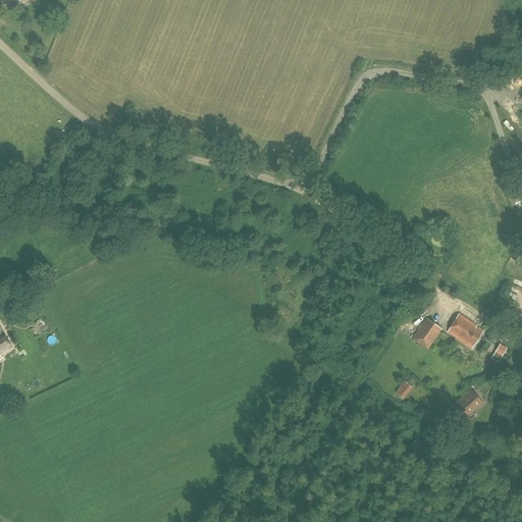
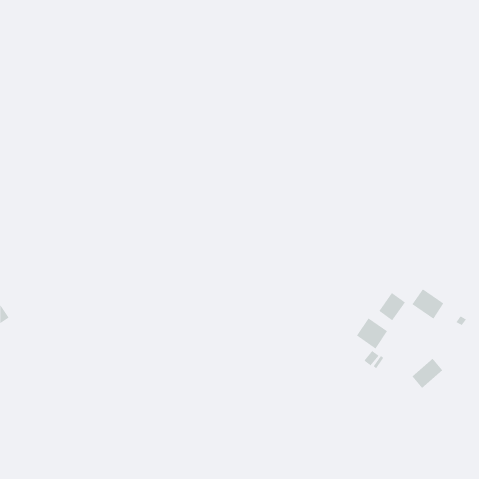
building: none -> [356,317,388,349]

